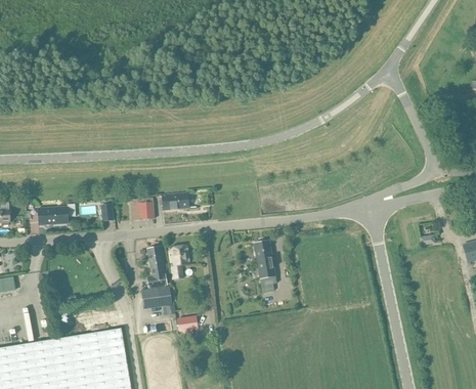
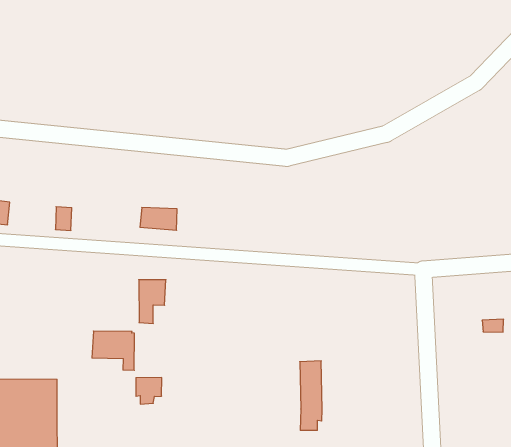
building: [131,198,155,220] -> none
building: [254,241,276,293] -> [300,361,322,430]
building: [146,247,167,289] -> none

